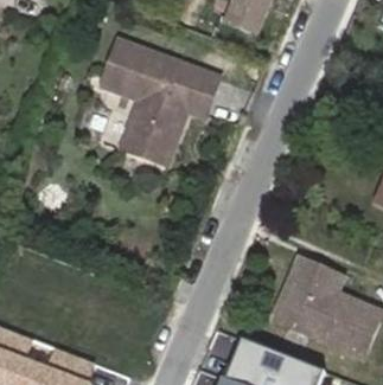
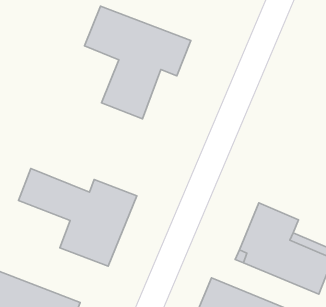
building: none -> [18,168,137,266]

